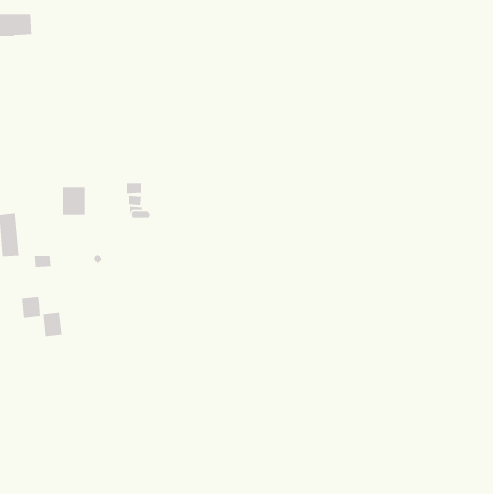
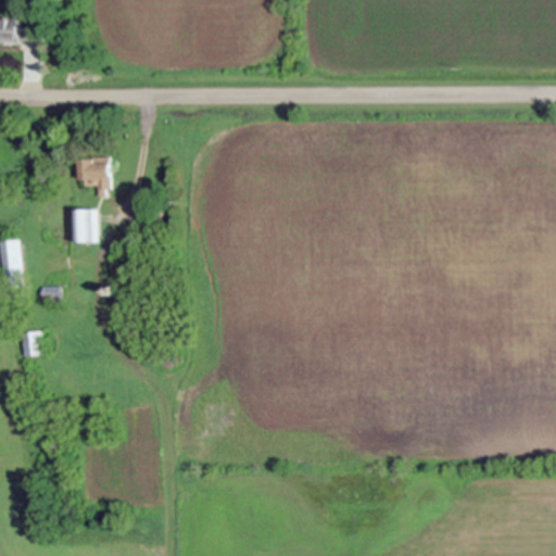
building: none -> [76,155,109,194]
building: [42,312,62,337] -> none

